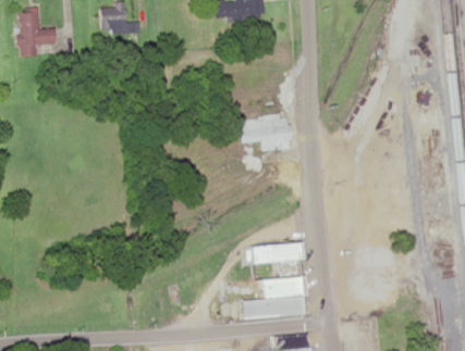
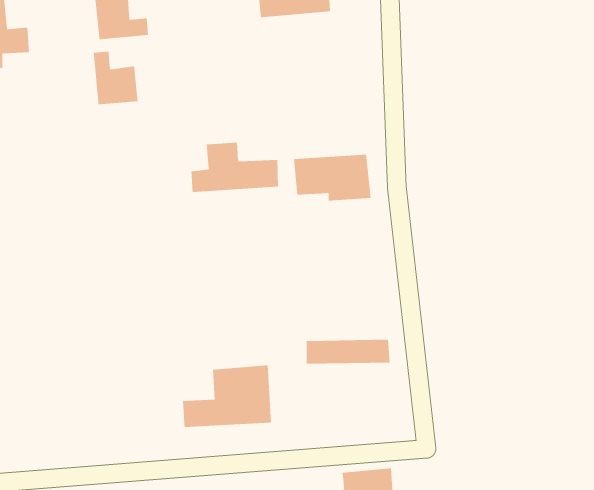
building: none -> [93,51,138,105]
building: none -> [191,142,278,193]
building: [243,276,305,319] -> [182,365,272,427]

